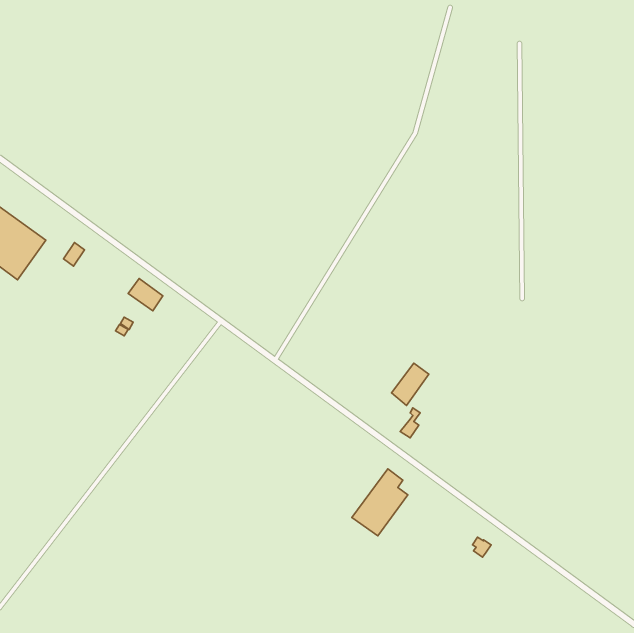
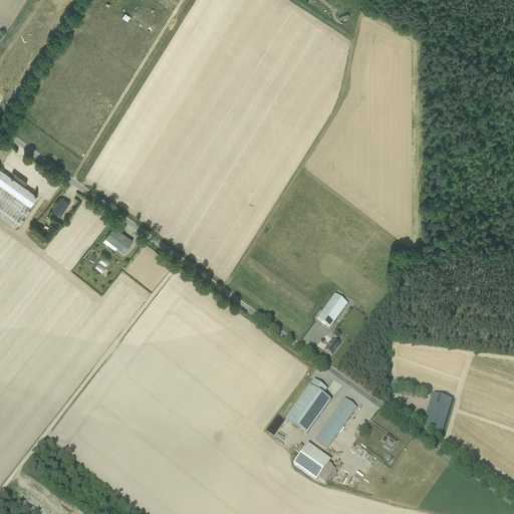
building: none -> [423,392,453,433]
building: none -> [322,398,355,436]
building: none -> [291,443,329,480]

